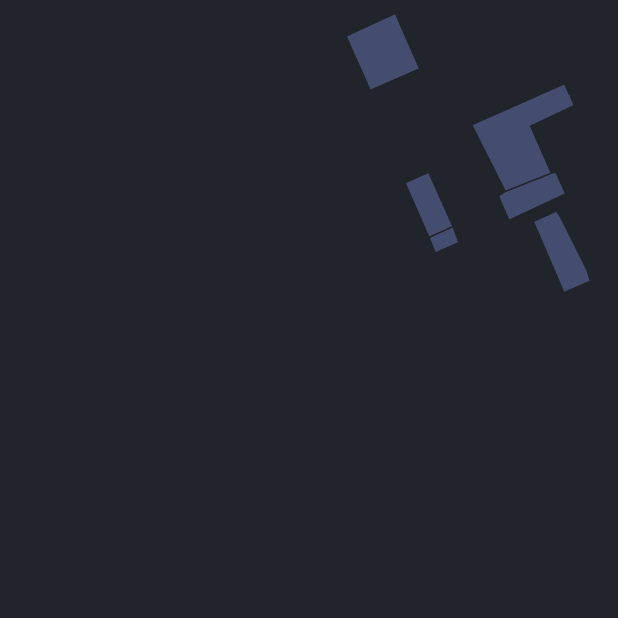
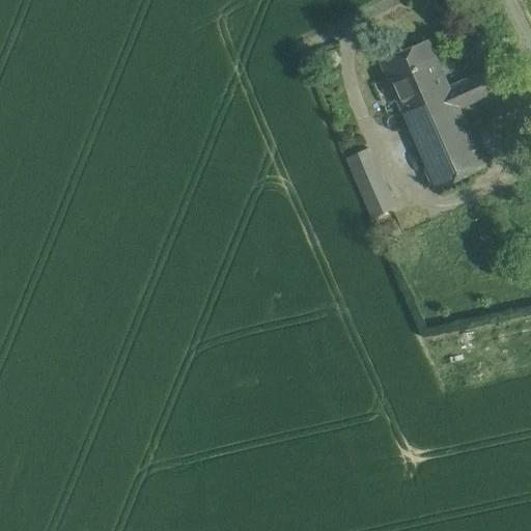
building: [346,13,420,91] -> [383,40,446,107]
building: [533,211,590,293] -> none

